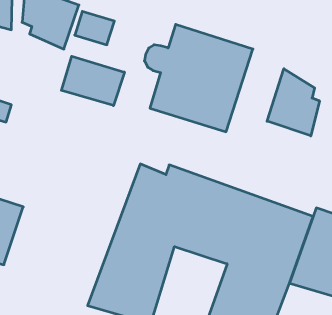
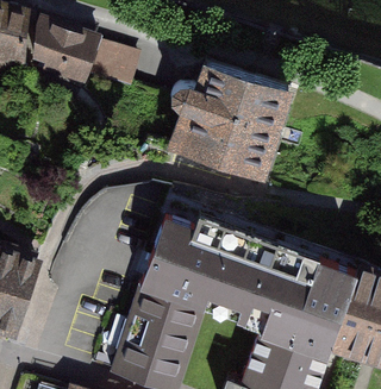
building: [61,56,124,106] -> none
building: [267,69,319,136] -> none

